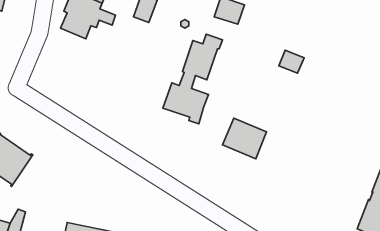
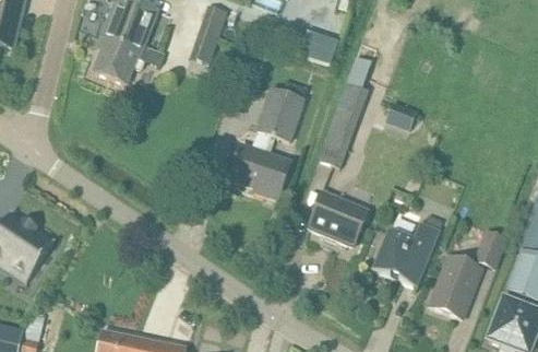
building: none -> [318,57,370,167]
building: none -> [371,214,442,288]
building: none -> [475,233,504,267]
building: none -> [429,256,480,318]

